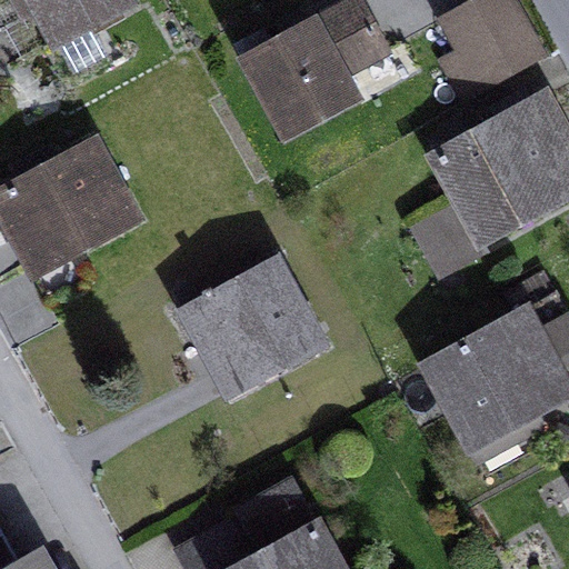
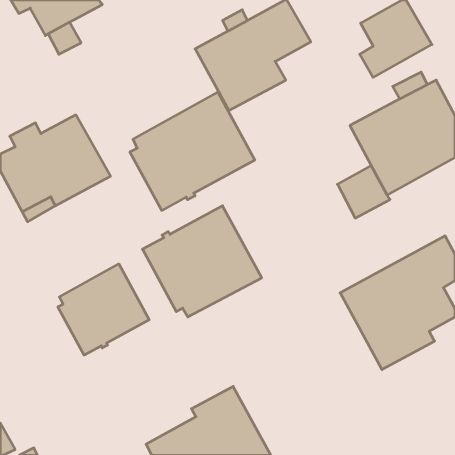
building: none -> [130,92,255,210]
building: none -> [58,264,149,355]

